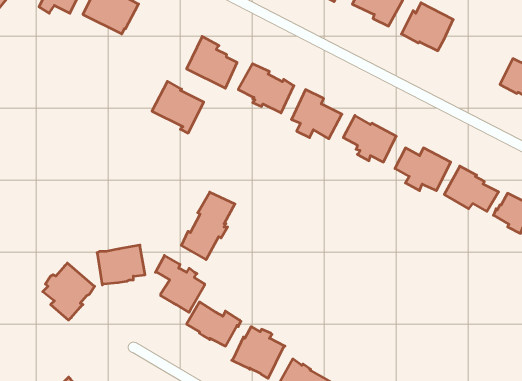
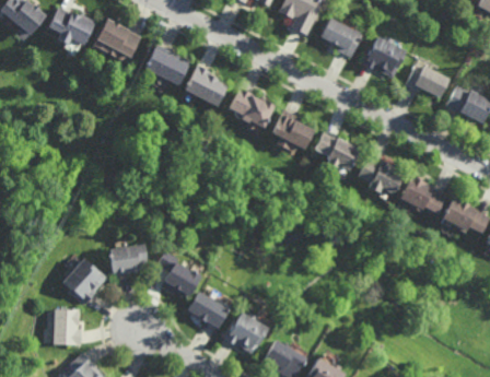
building: none -> [407,63,451,97]
building: [152,81,204,133] -> [145,45,189,89]
building: [181,192,235,260] -> none
building: none -> [50,309,82,345]

